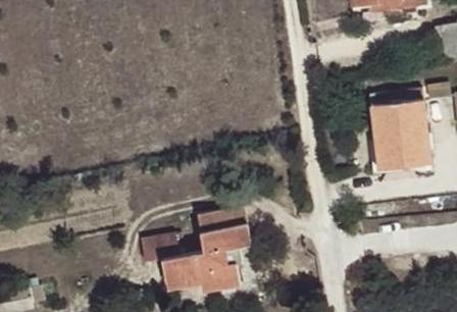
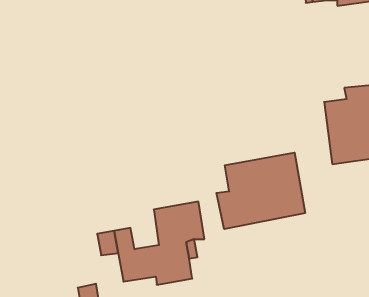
building: none -> [216,153,305,229]

